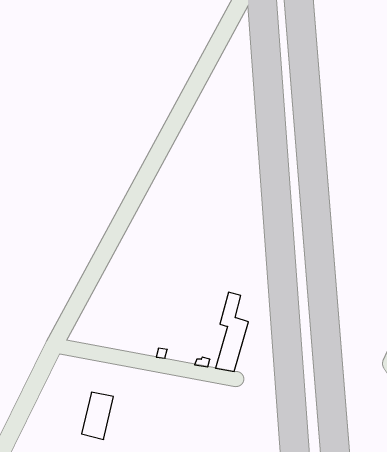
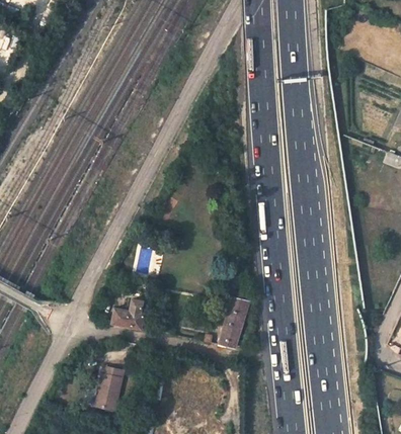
building: none -> [111,299,143,329]

